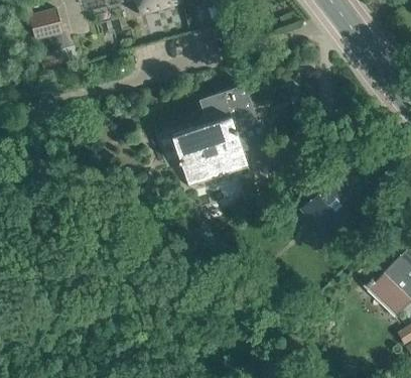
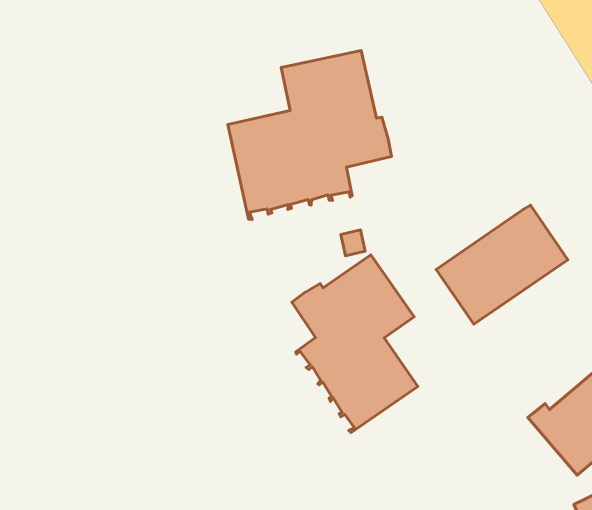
building: none -> [292,255,418,433]

